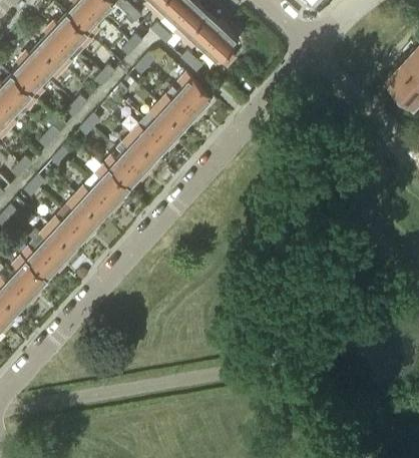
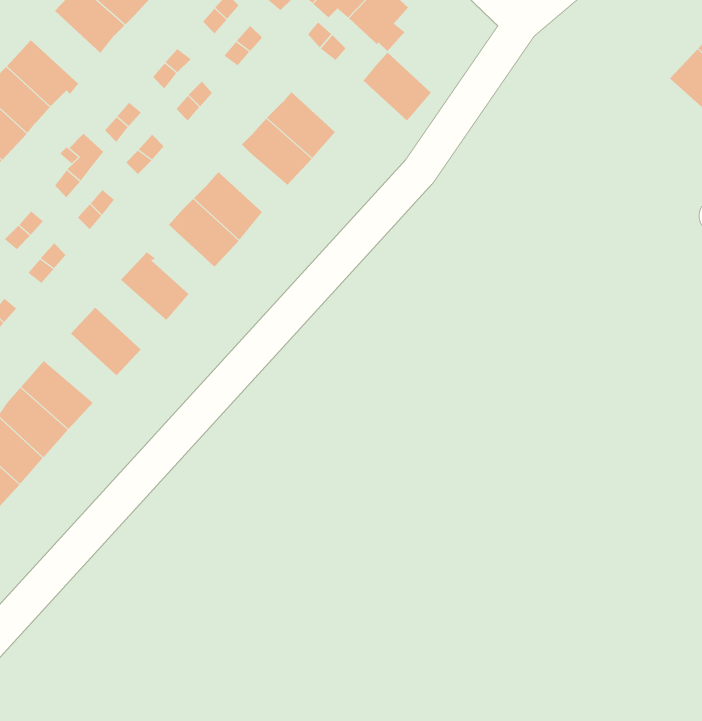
building: [26,44,65,85] -> none
building: [172,73,212,112] -> [362,52,432,121]
building: [131,119,170,157] -> none
building: [94,164,129,203] -> none
building: [62,195,102,235] -> none
building: [30,225,74,265] -> none

